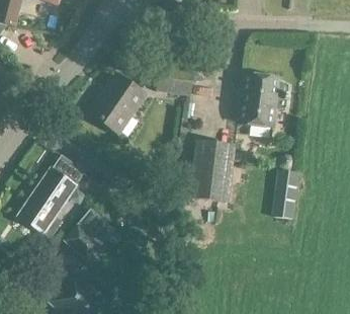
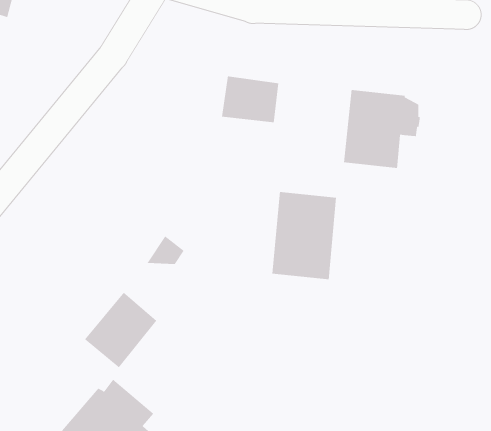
building: [89,74,144,132] -> none
building: [18,152,110,232] -> none
building: [275,172,295,215] -> none

